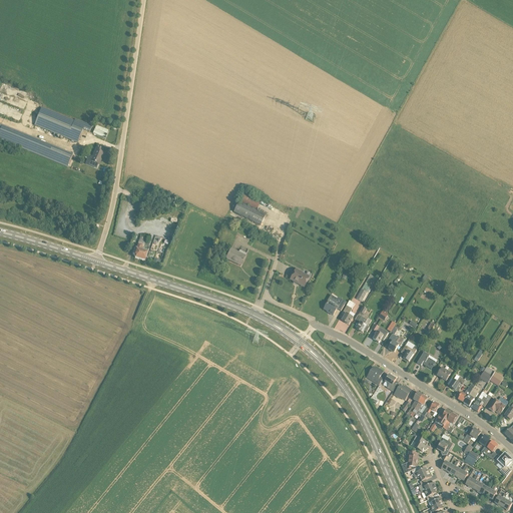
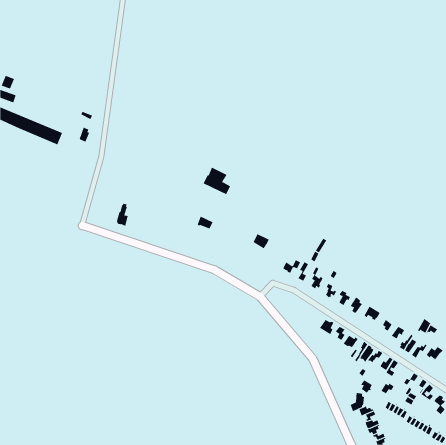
building: [33,105,91,141] -> none

